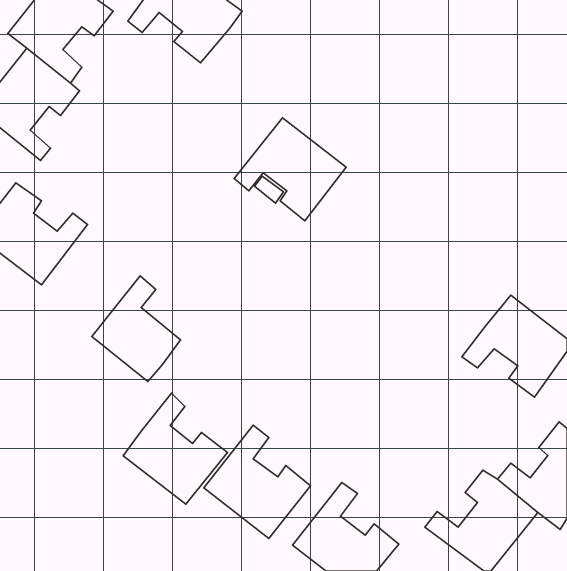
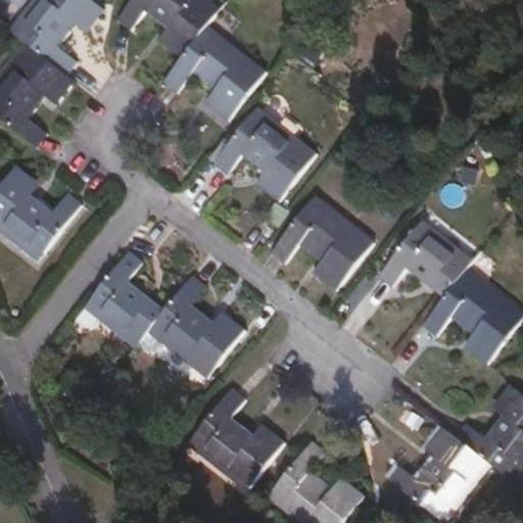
building: none -> [163,26,267,120]
building: none -> [270,197,372,289]
building: none -> [378,220,473,296]
building: [123,393,227,504] -> [148,275,243,376]

